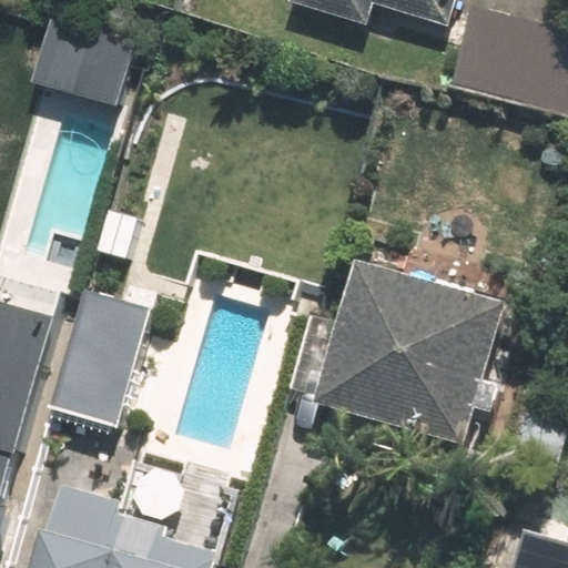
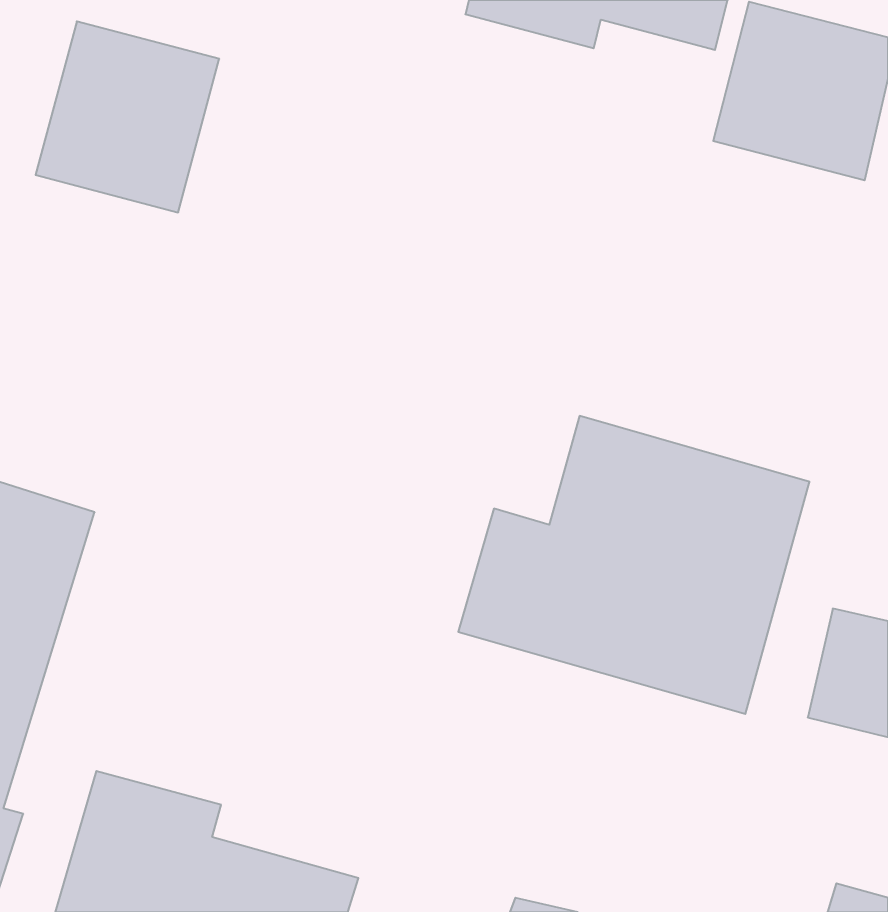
building: [51,287,145,429] -> none

